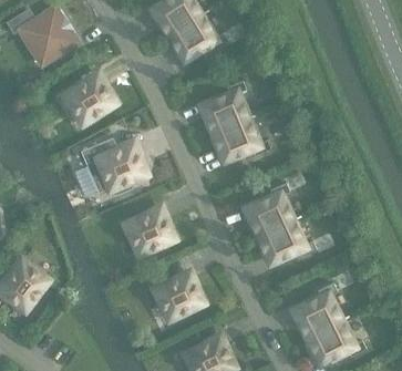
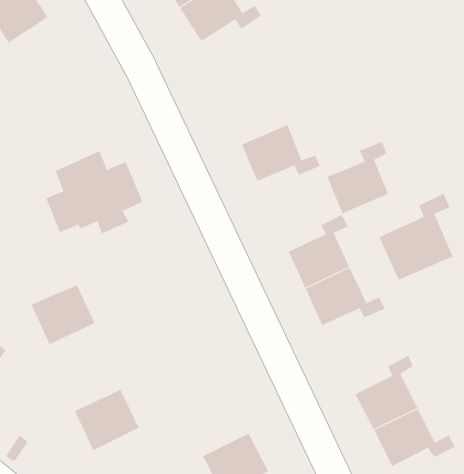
building: [61,74,109,121] -> none
building: [198,79,243,131] -> [327,141,389,214]
building: none -> [378,193,453,281]
building: [122,208,168,251] -> [30,284,96,345]
building: [152,272,198,317] -> [74,389,139,451]

